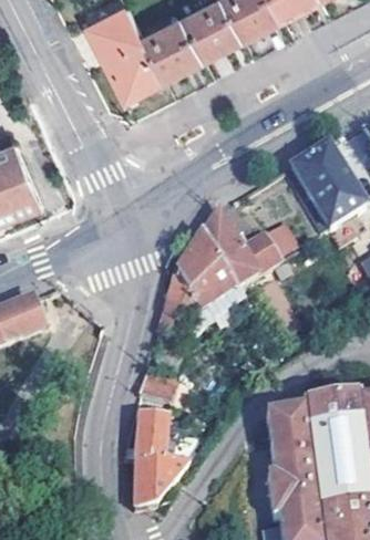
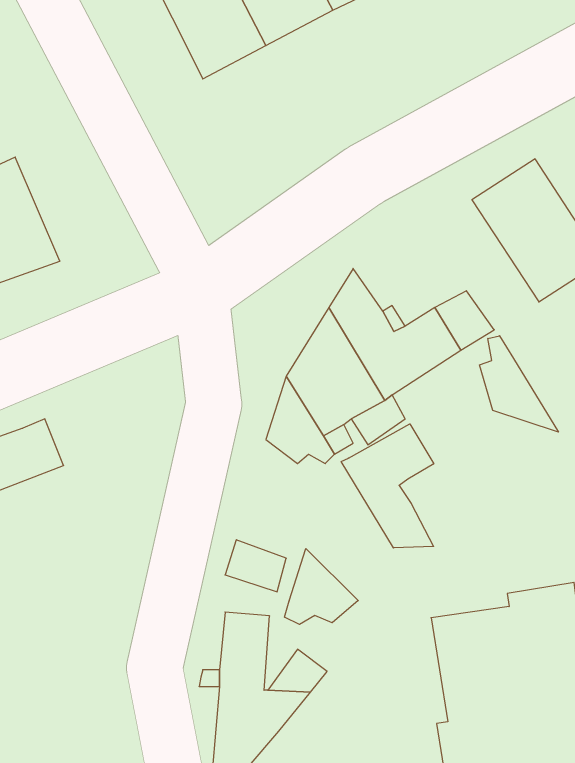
building: none -> [480,336,558,432]
building: none -> [341,424,434,548]
building: none -> [285,549,358,624]

